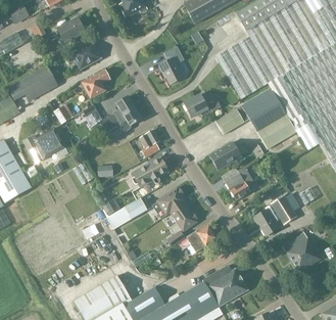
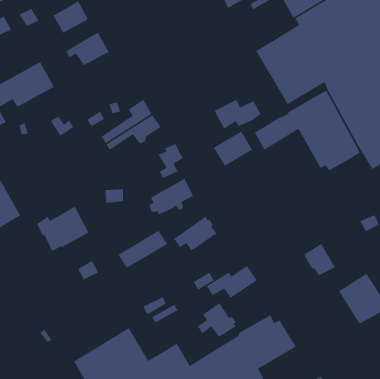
building: [160,54,185,84] -> none
building: [83,68,111,97] -> none
building: [25,126,66,163] -> [36,206,89,252]
building: [210,141,242,170] -> [213,130,253,167]
building: [222,166,254,199] -> none
building: [271,189,306,224] -> none
building: [166,201,198,230] -> [197,302,237,338]

